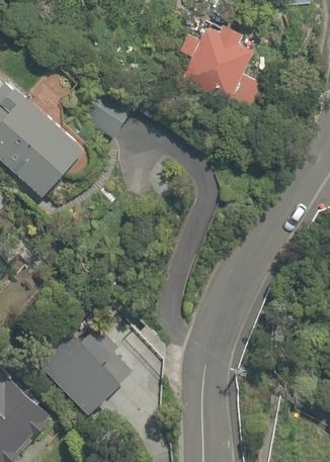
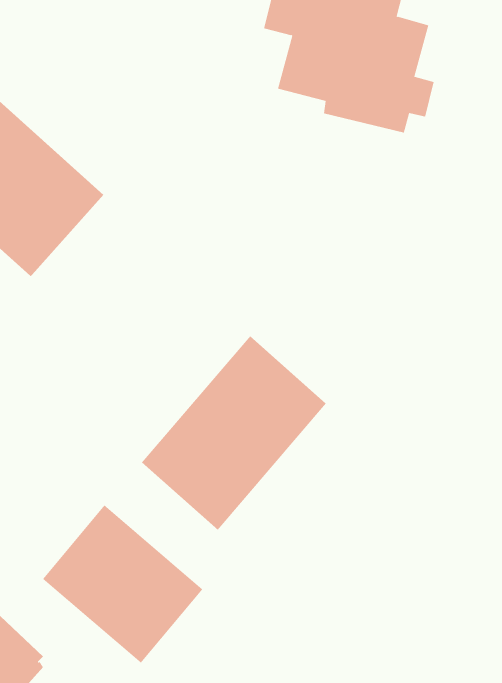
building: none -> [141,336,327,531]

